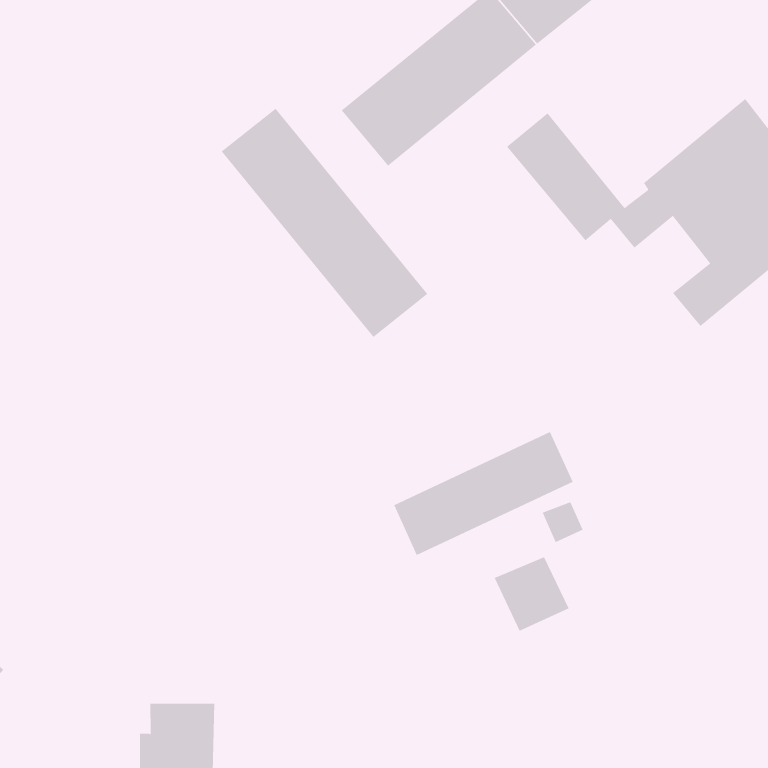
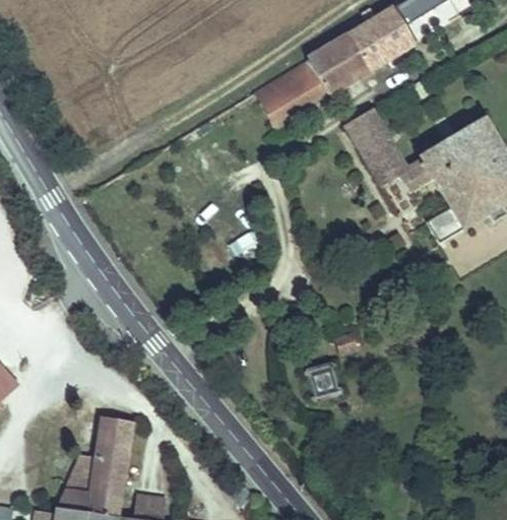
building: [221,108,428,338] -> none
building: [393,431,573,556] -> none

